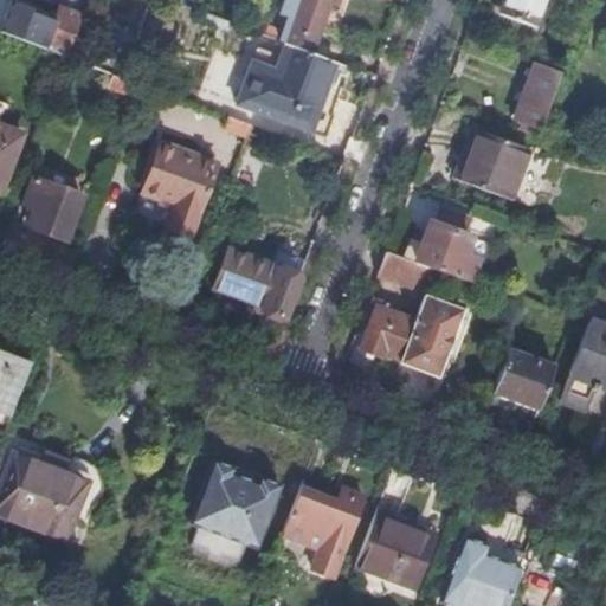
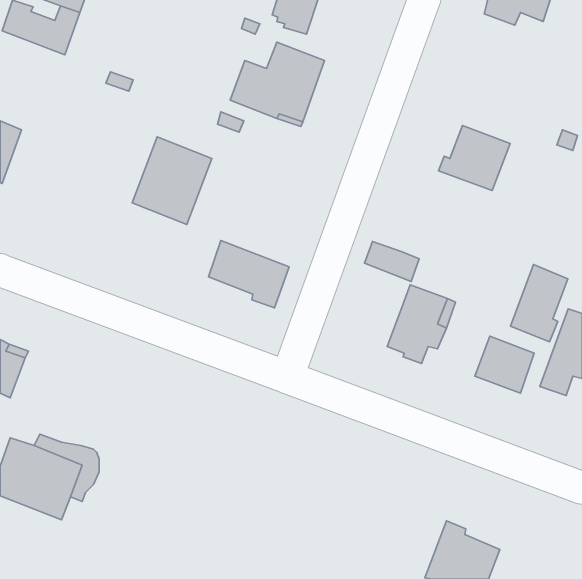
building: [516,65,562,128] -> none
building: [27,178,84,239] -> none
building: [418,206,478,282] -> none
building: none -> [510,265,568,342]
building: [362,299,417,360] -> none
building: [186,460,277,565] -> none
building: [281,485,360,578] -> none
building: [355,512,430,587] -> none

